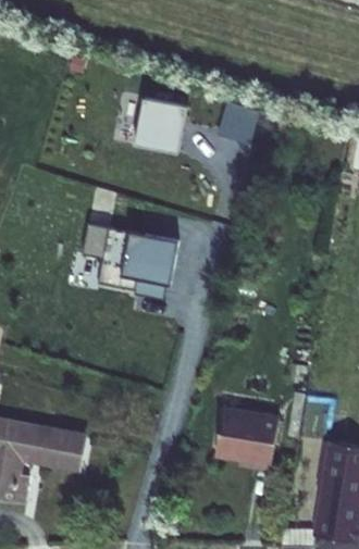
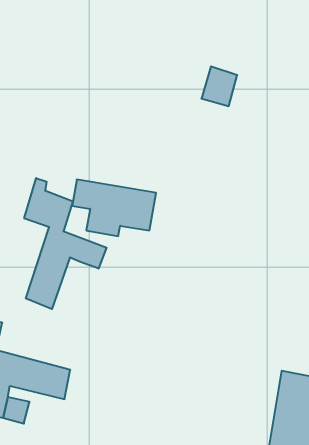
building: [131,91,184,147] -> none
building: none -> [24,178,107,309]
building: [214,409,274,470] -> none

